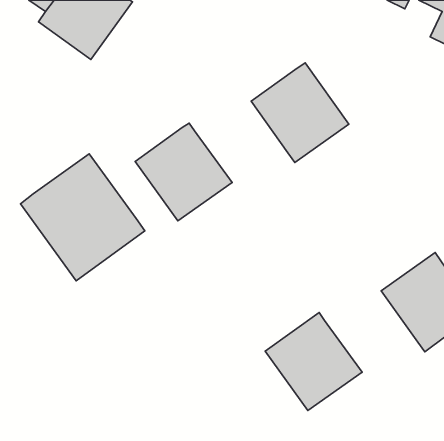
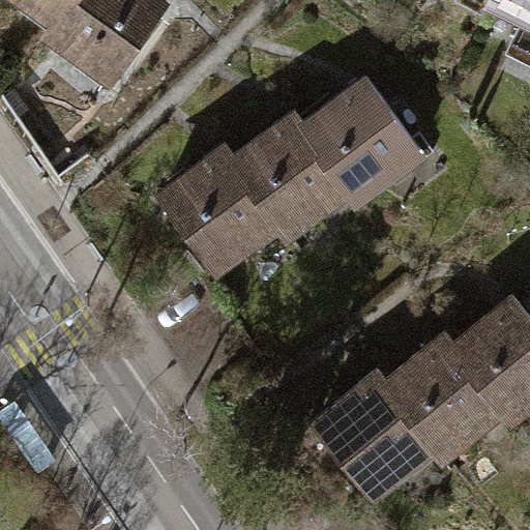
building: none -> [233,118,344,231]
building: [21,154,145,281] -> none
building: none -> [387,343,498,455]

